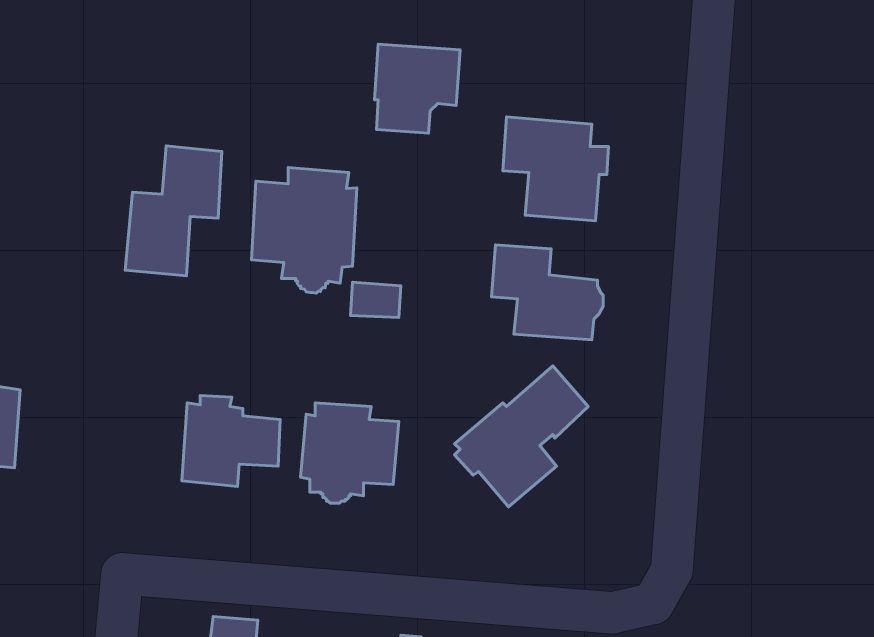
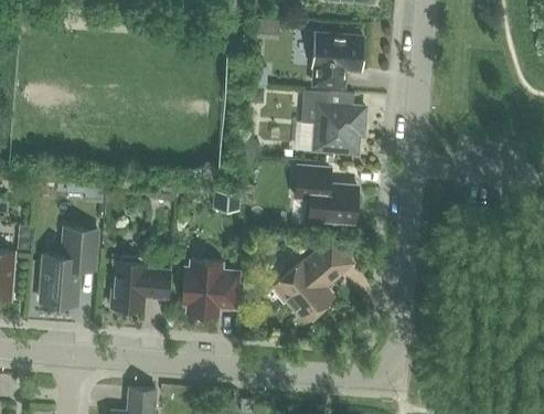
building: [375,44,460,133] -> [312,34,363,87]
building: [125,146,222,276] -> [40,227,97,305]
building: [251,168,357,293] -> none

